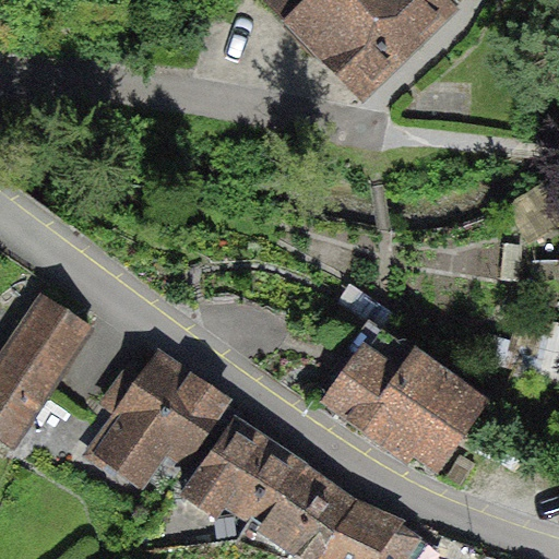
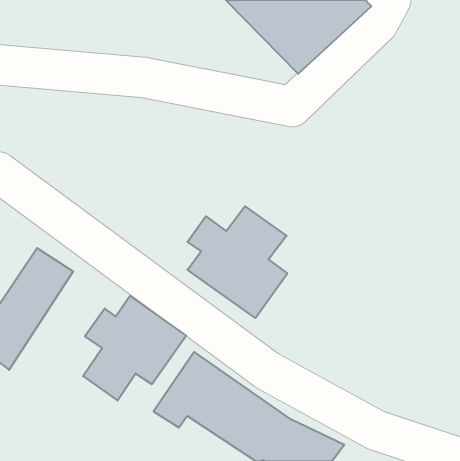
building: none -> [187,206,287,318]
building: [329,354,481,467] -> none

